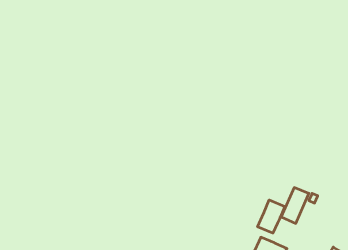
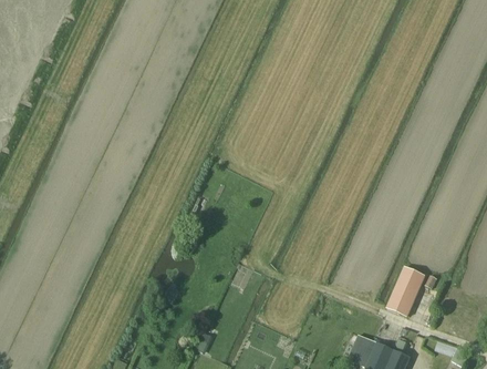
building: [258,200,285,233] -> none

